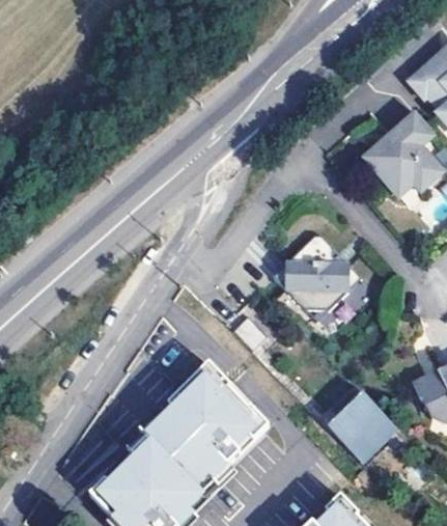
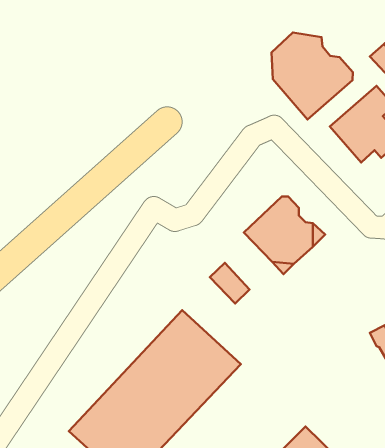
building: none -> [272,33,353,119]
building: [335,399,394,460] -> none

